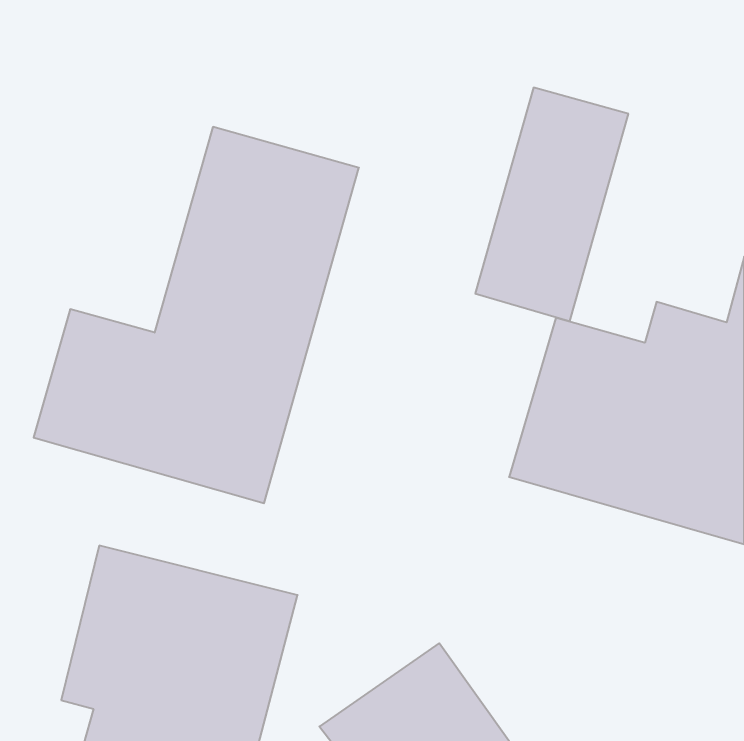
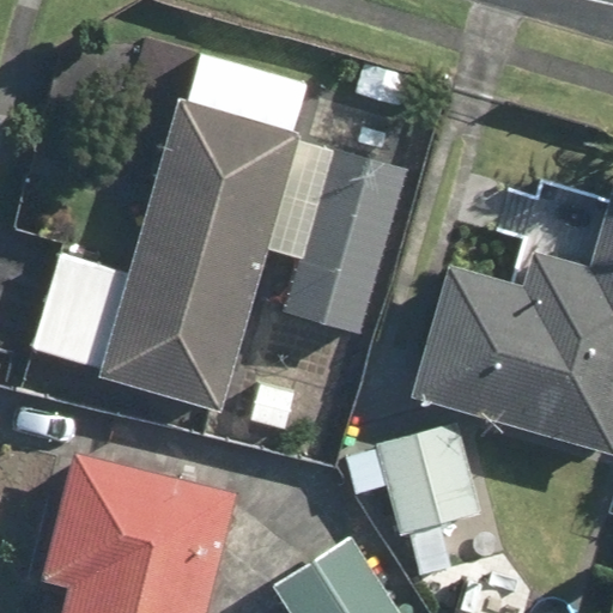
building: [475,88,628,321] -> [277,146,402,338]
building: none -> [342,408,481,587]

